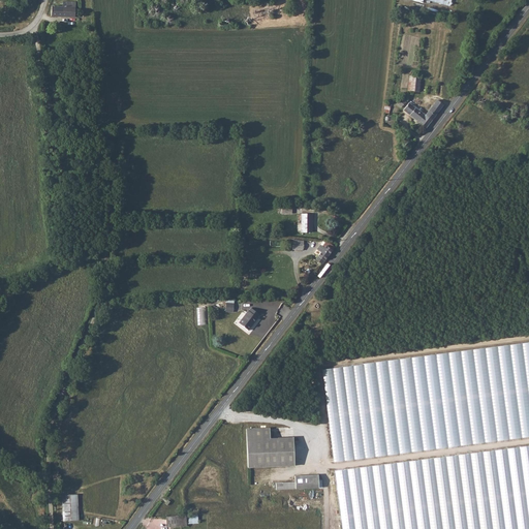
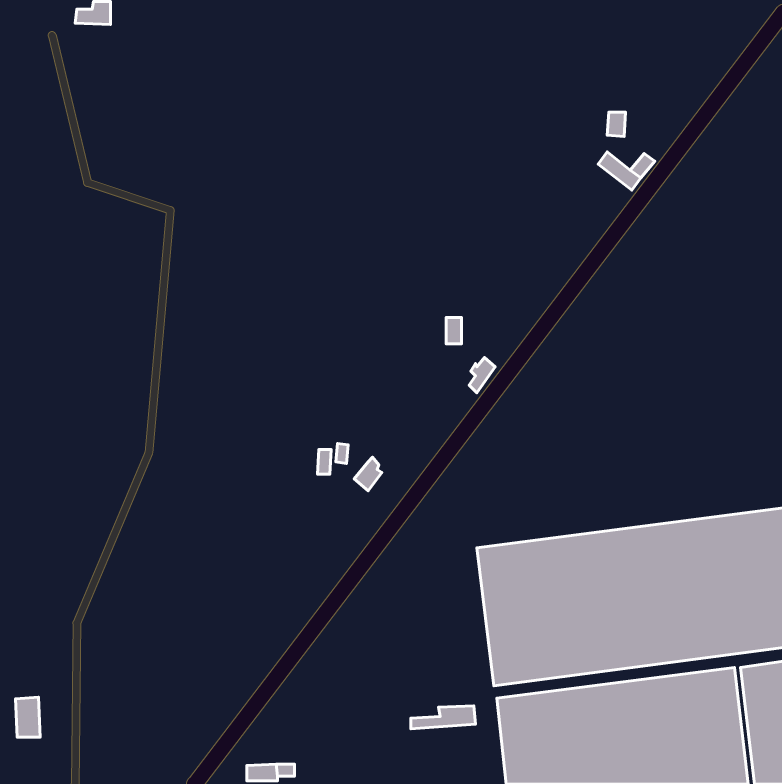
building: [248,428,295,469] -> none
building: [63,494,80,521] -> [16,697,40,737]

